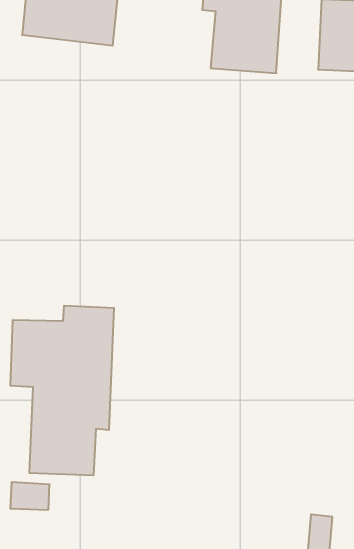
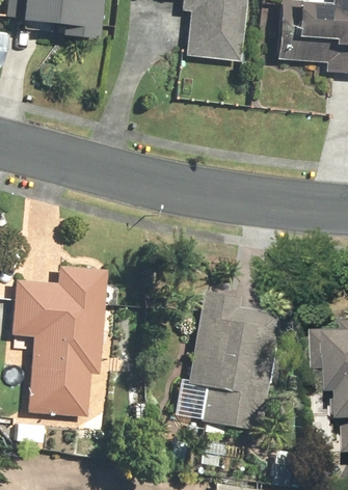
building: none -> [186,292,282,434]

